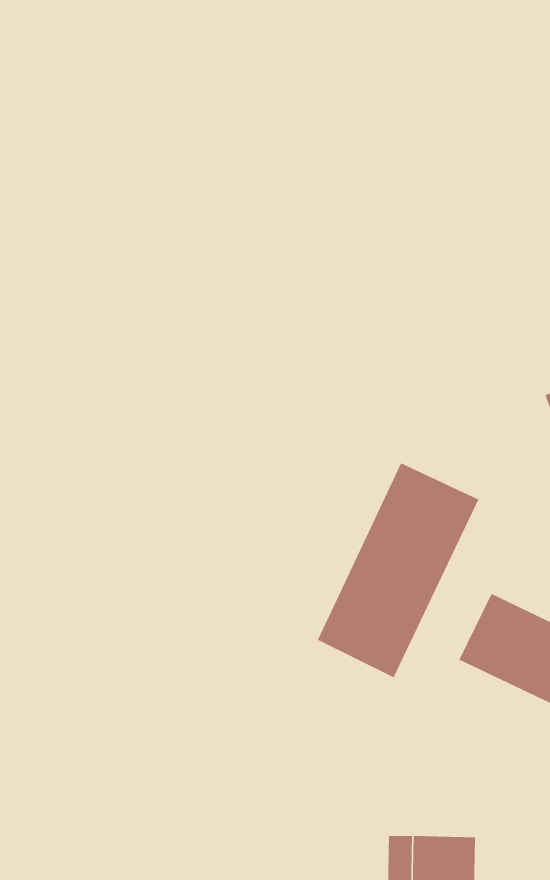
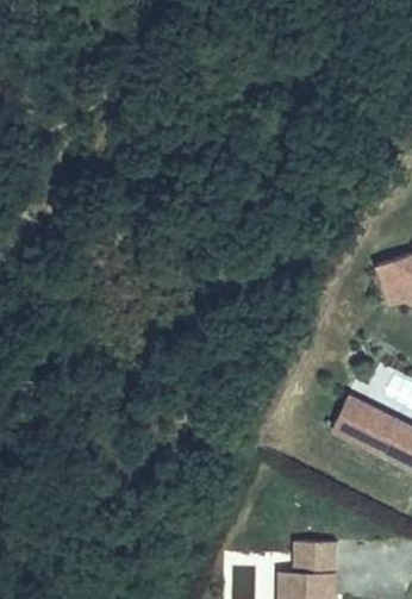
building: [317,462,479,678] -> none

